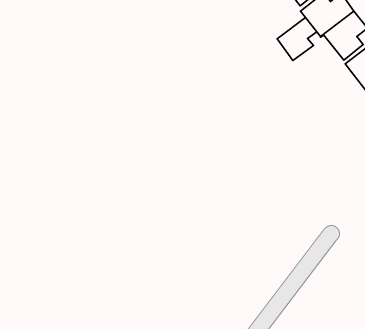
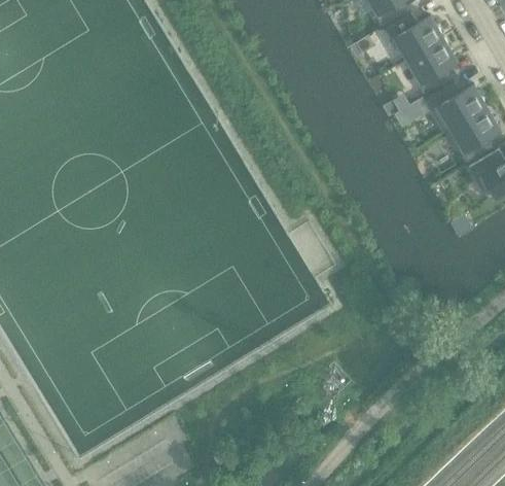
building: [277,17,317,61] -> none

